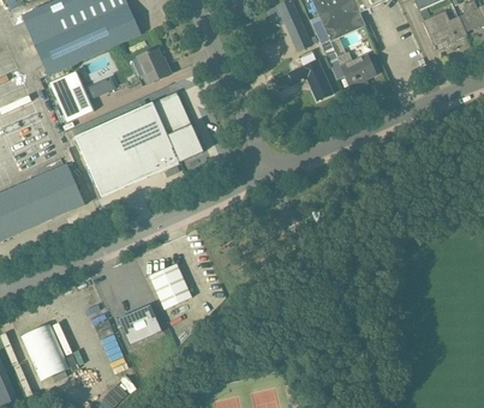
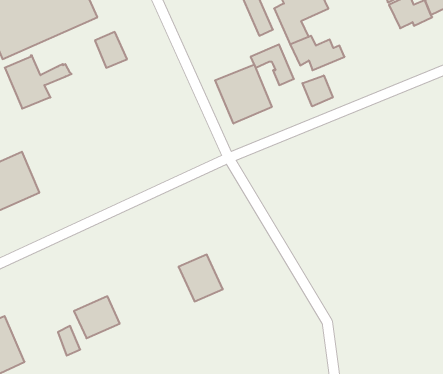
building: none -> [215,65,272,124]
building: none -> [302,75,333,106]
building: [76,91,203,196] -> none
building: [149,263,192,308] -> [178,255,223,301]

